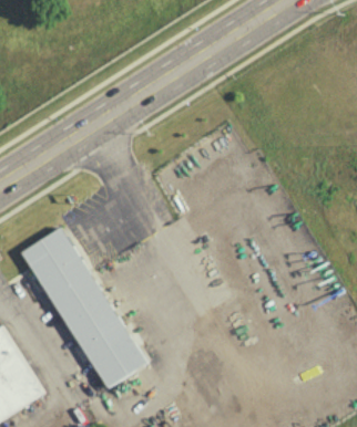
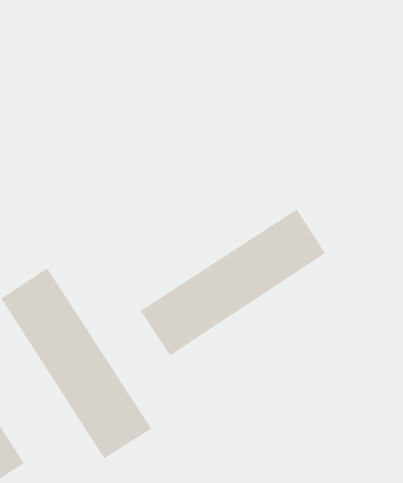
building: none -> [140,208,326,356]

